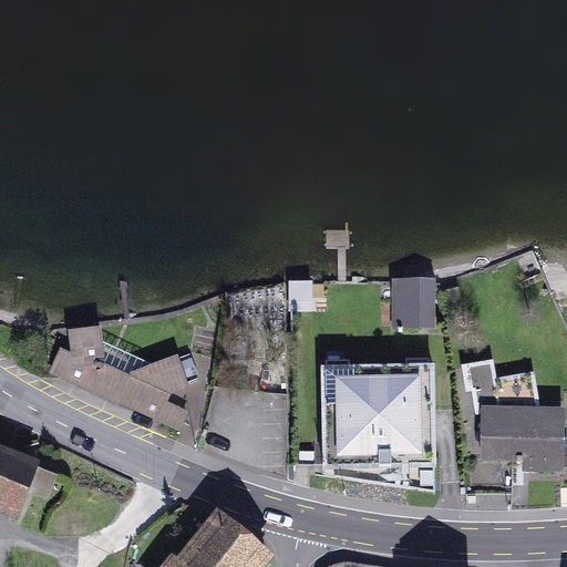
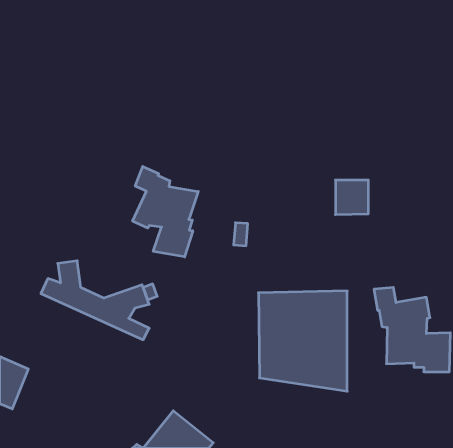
building: none -> [133,166,198,257]
building: [393,279,434,322] -> [335,180,368,215]

